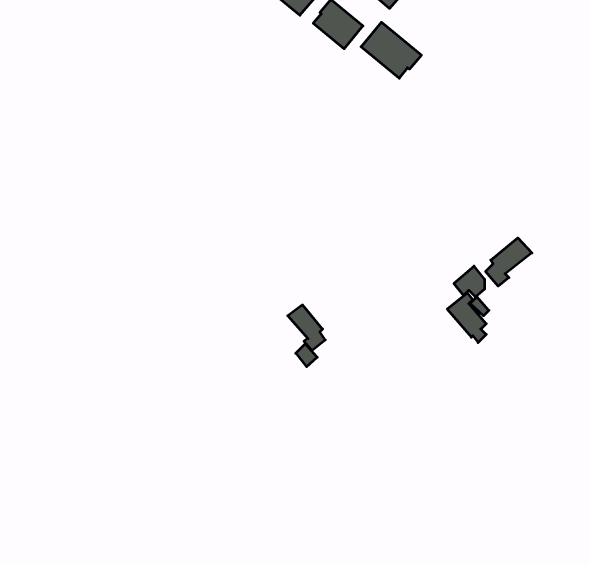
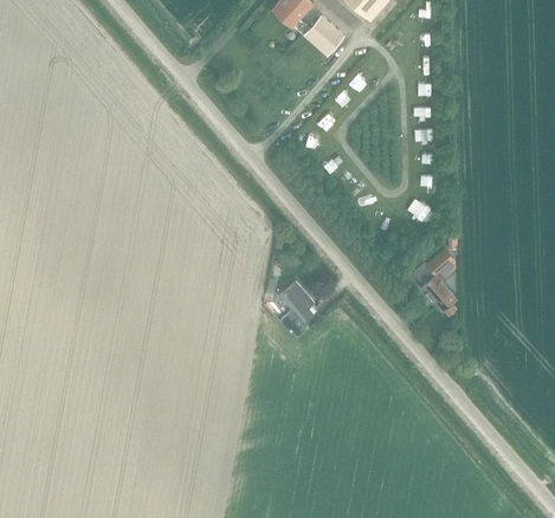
building: [361,22,421,78] -> none
building: [486,238,532,286] -> none

